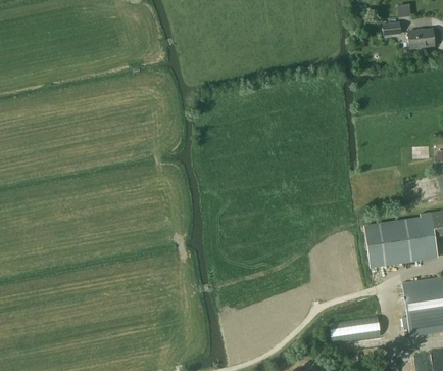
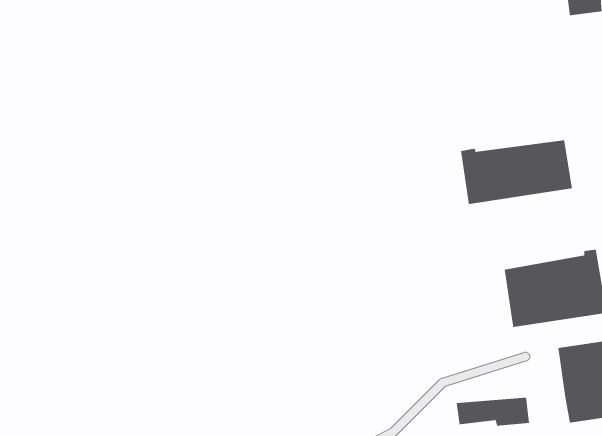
building: none -> [461,140,572,205]

